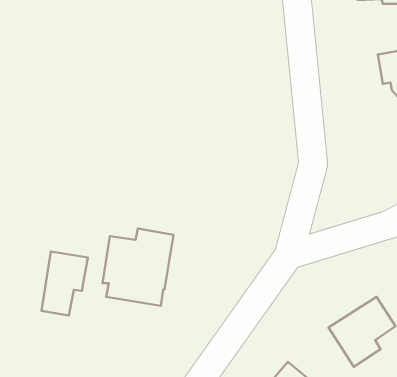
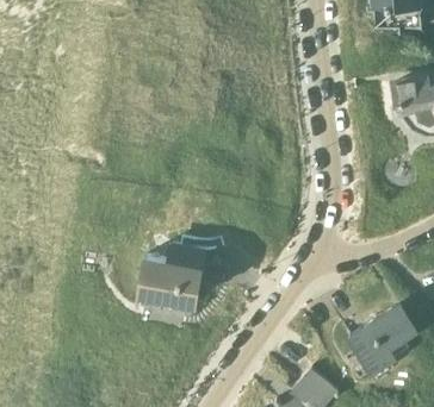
building: [41,251,88,316] -> none

